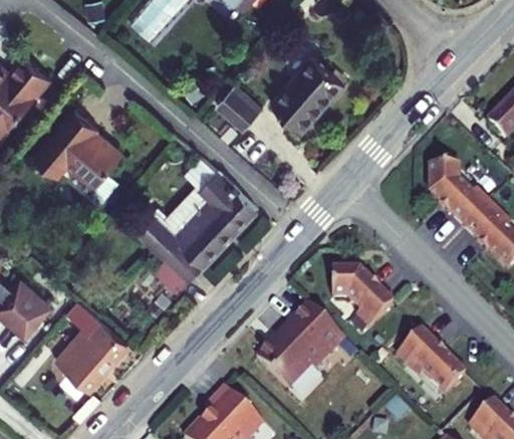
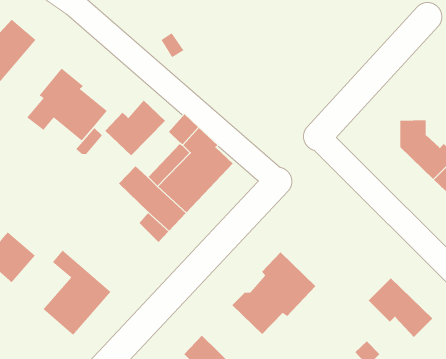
building: [274,56,344,129] -> none
building: [221,85,263,127] -> none
building: none -> [105,100,166,156]
building: [331,266,394,325] -> none

